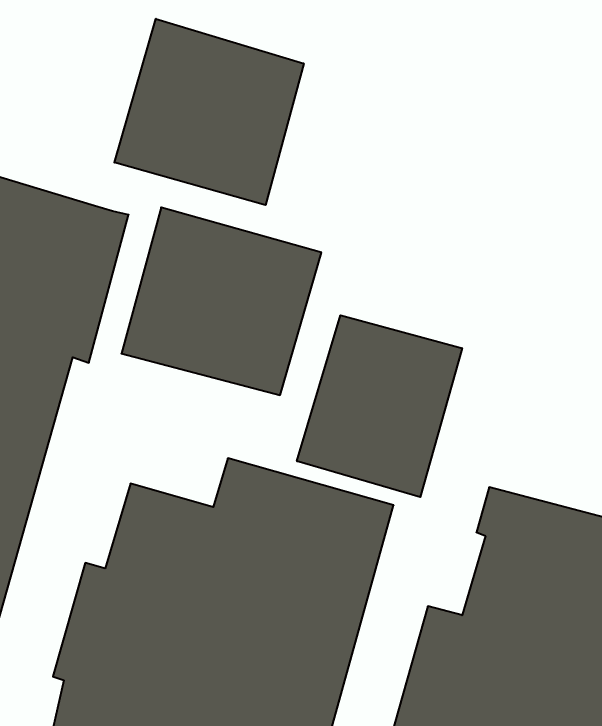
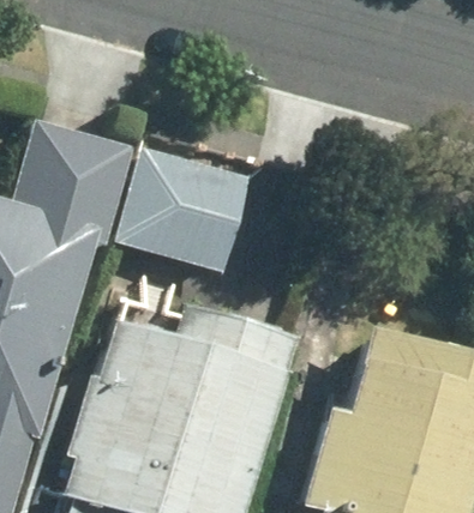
building: [114,19,304,205] -> none
building: [297,315,462,497] -> none

